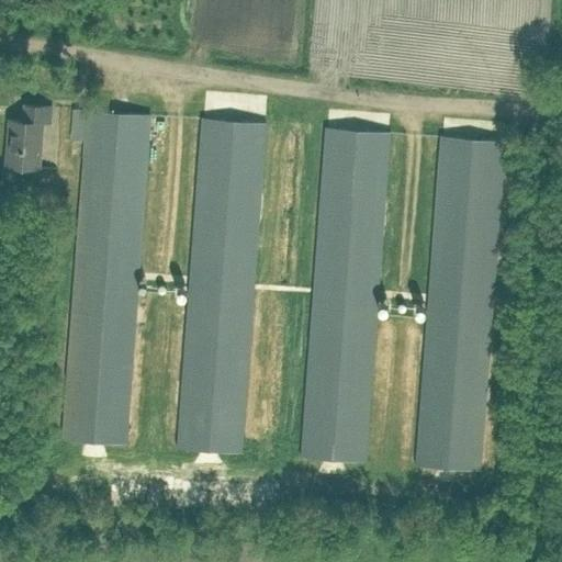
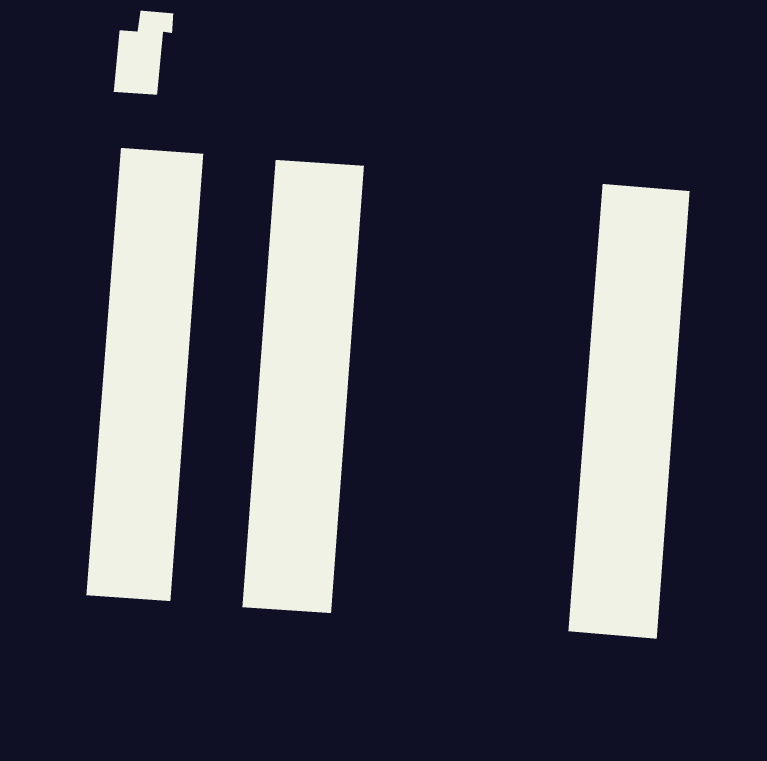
building: [5,108,50,170] -> [113,10,174,95]
building: [301,130,390,462] -> none

